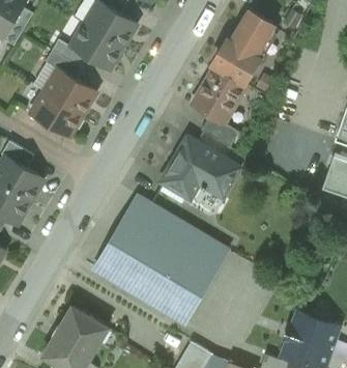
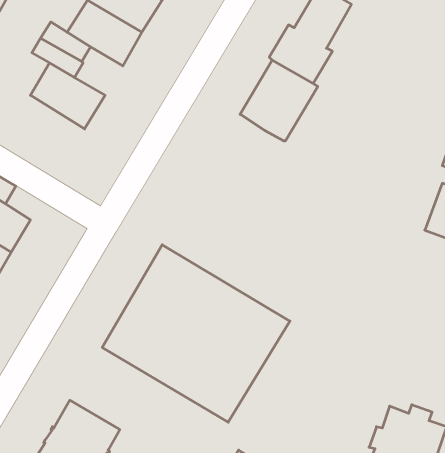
building: [29,91,82,138] -> none
building: [201,116,238,147] -> none
building: [160,137,239,199] -> none

